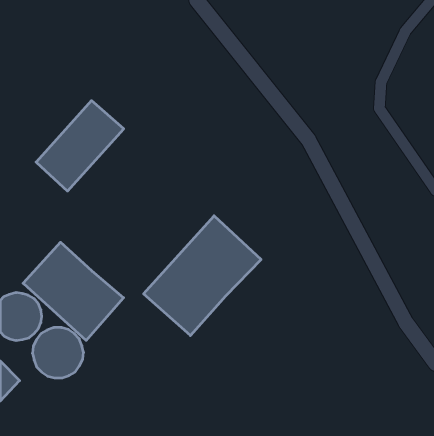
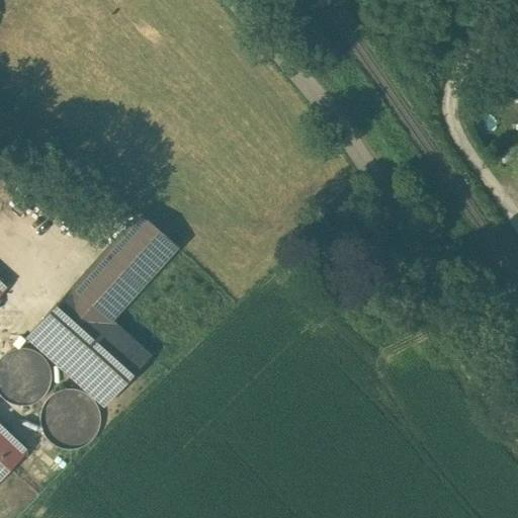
building: [36,101,124,191] -> [74,214,178,322]
building: [144,216,261,336] -> none

